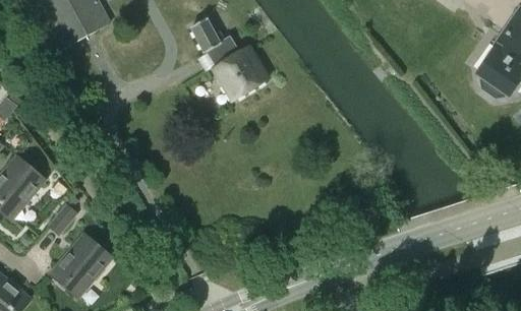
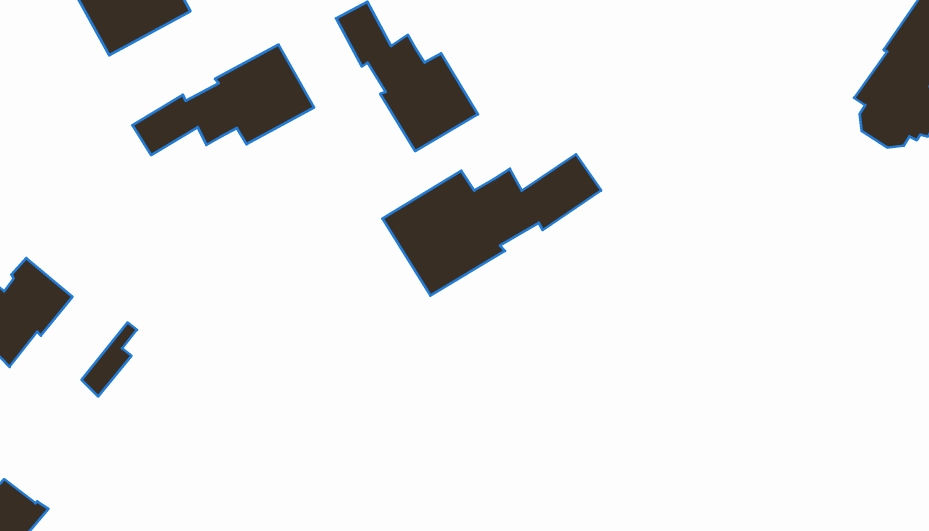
building: none -> [132,45,314,155]
building: none -> [382,154,601,296]
building: [51,236,112,296] -> none

